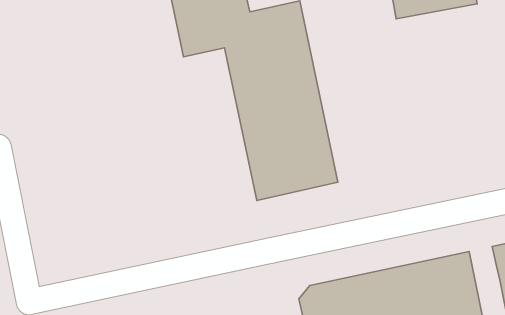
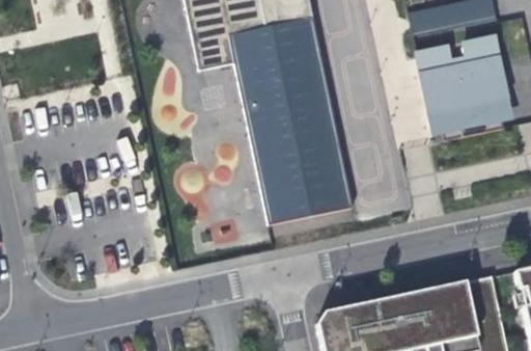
building: none -> [416,37,516,142]

